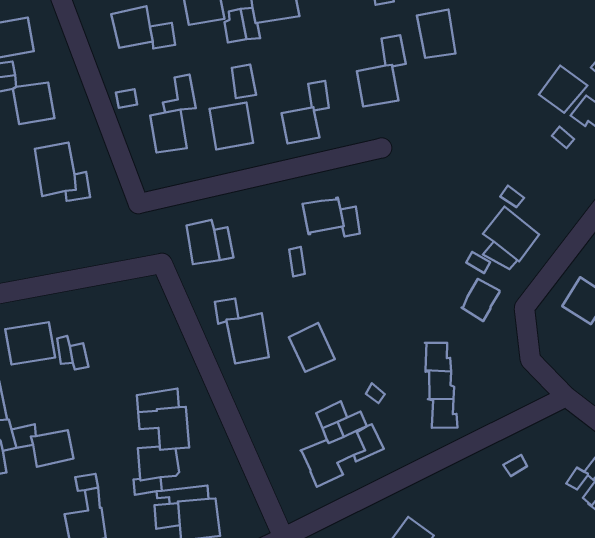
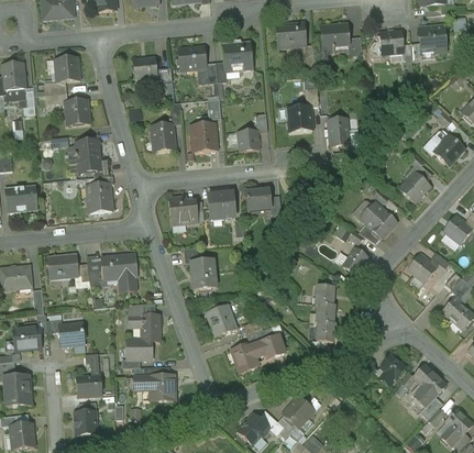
building: [417,10,456,58] -> [327,117,350,146]
building: [539,65,588,113] -> [398,172,430,202]
building: none -> [208,191,235,218]
building: none -> [87,181,112,211]
building: none -> [101,254,136,291]
building: [289,323,335,372] -> [207,305,235,335]
building: none -> [379,355,406,386]

